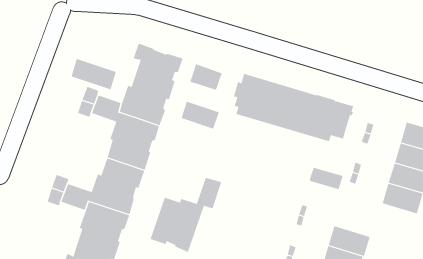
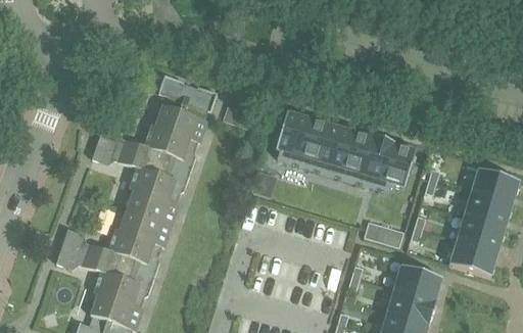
building: [71,58,117,90] -> none
building: [181,101,219,130] -> none
building: [150,177,222,253] -> none
building: none -> [393,264,442,301]

